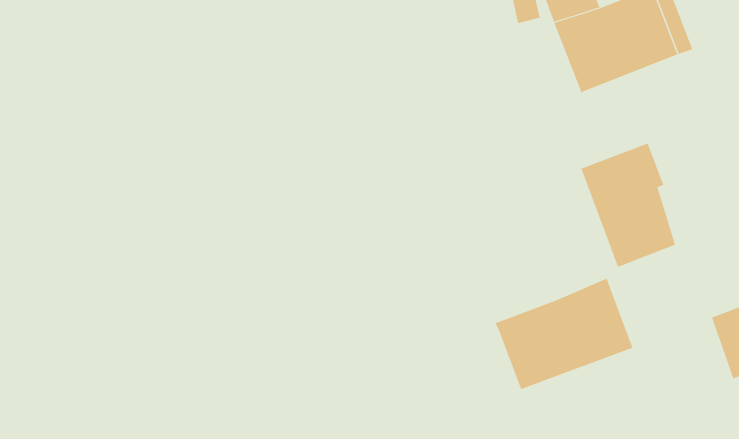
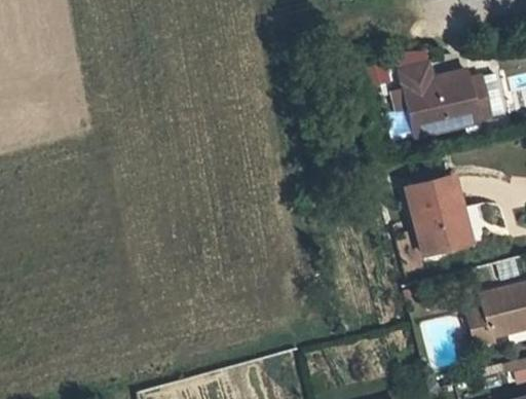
building: [495,278,633,390] -> none

